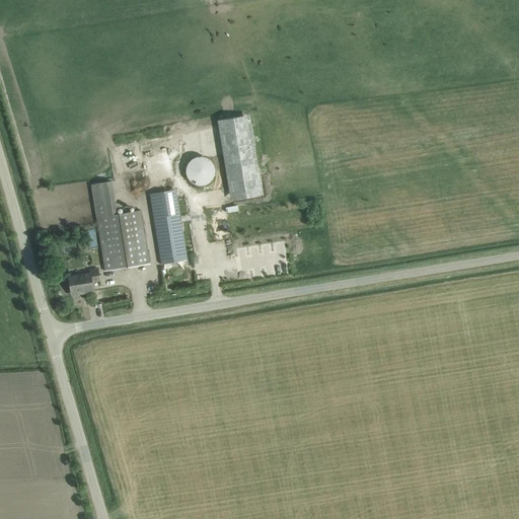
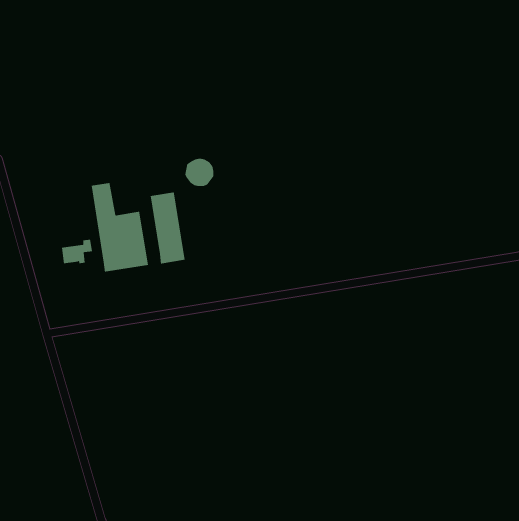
building: [217,115,262,200] -> none
building: [67,269,98,293] -> [61,239,93,264]

